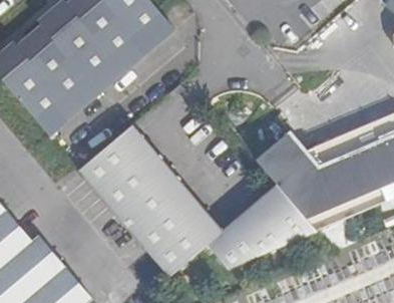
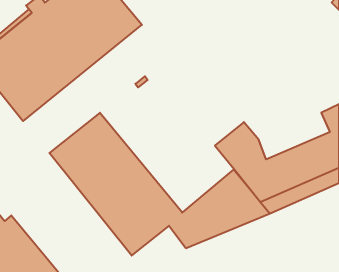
building: [303,122,379,173] -> none

